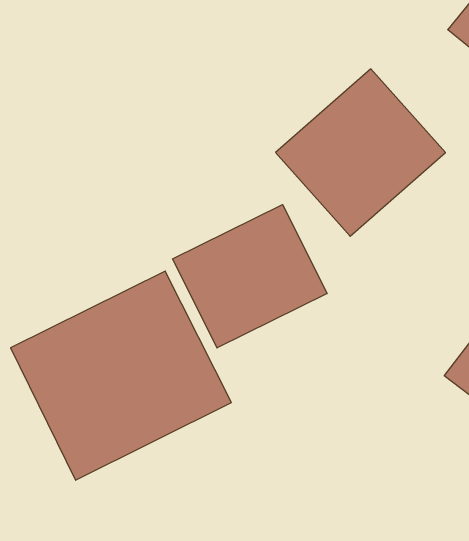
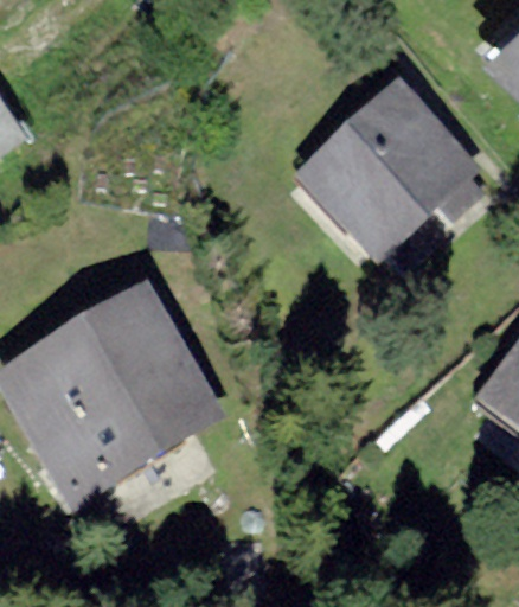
building: [173,205,327,348] -> none

